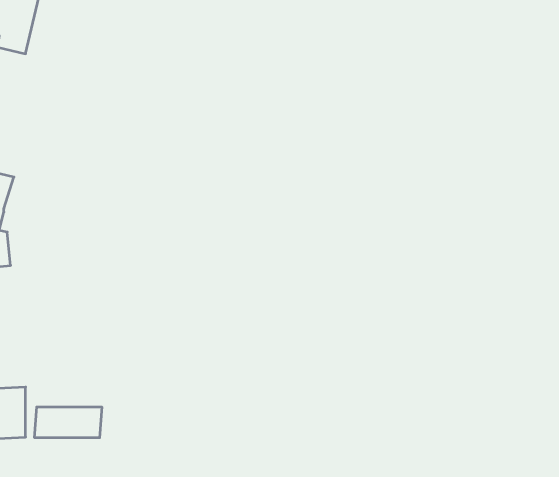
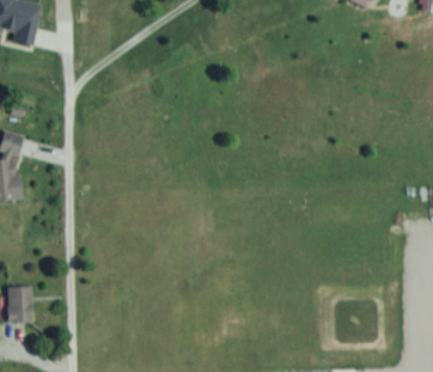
building: [35,407,102,438] -> none

